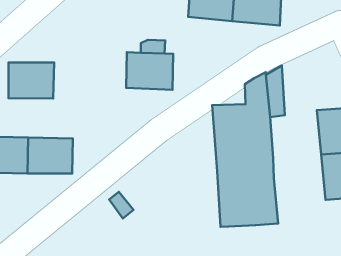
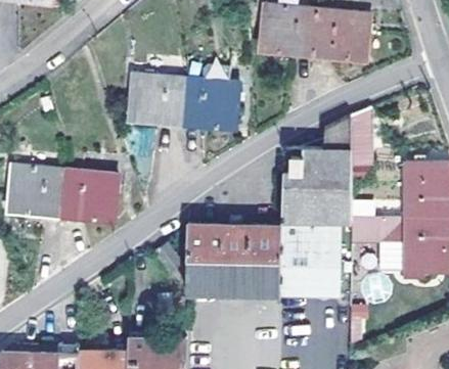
building: [8,62,54,98] -> [130,77,186,123]
building: none -> [347,218,396,241]
building: none -> [186,226,281,294]

